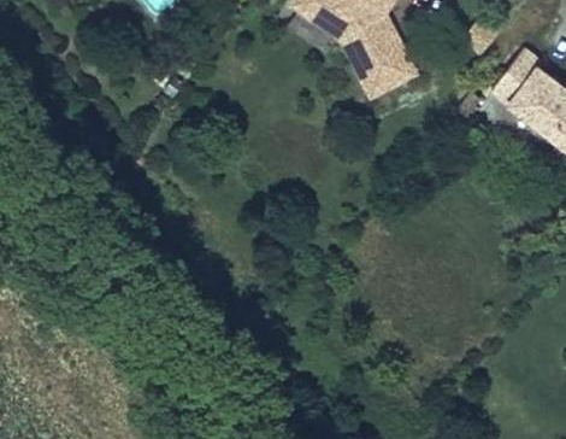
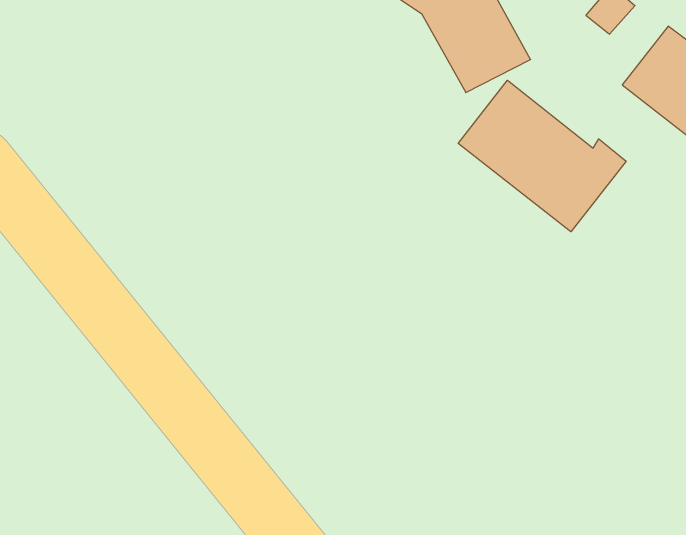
building: none -> [458,80,626,232]

